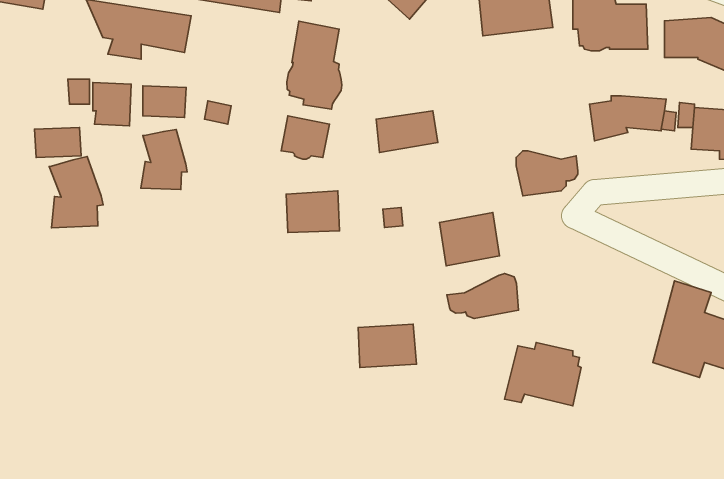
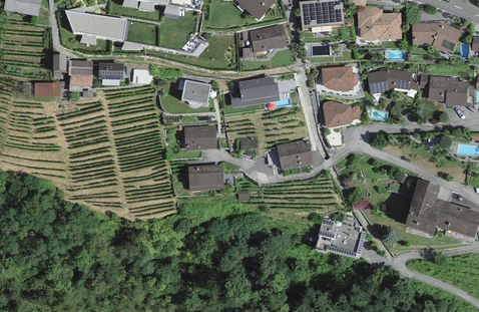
building: [287,21,342,109] -> none
building: none -> [250,23,287,51]
building: none -> [321,65,358,91]
building: [141,129,187,189] -> none
building: [49,156,103,228] -> none
building: [447,274,518,318] -> none
building: [358,324,417,368] -> [188,164,223,190]

